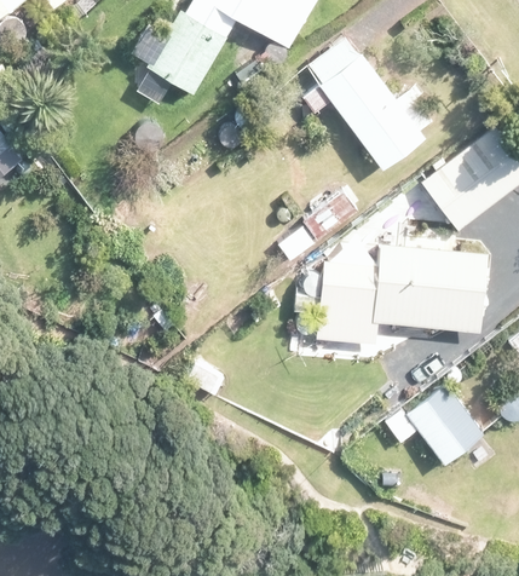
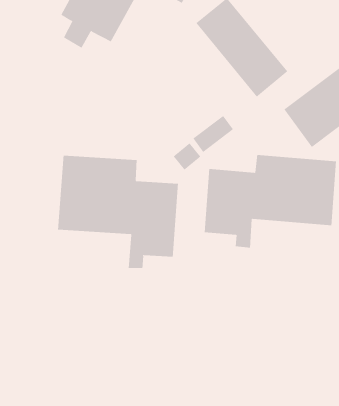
building: none -> [58,155,178,269]
building: [386,384,481,463] -> none

